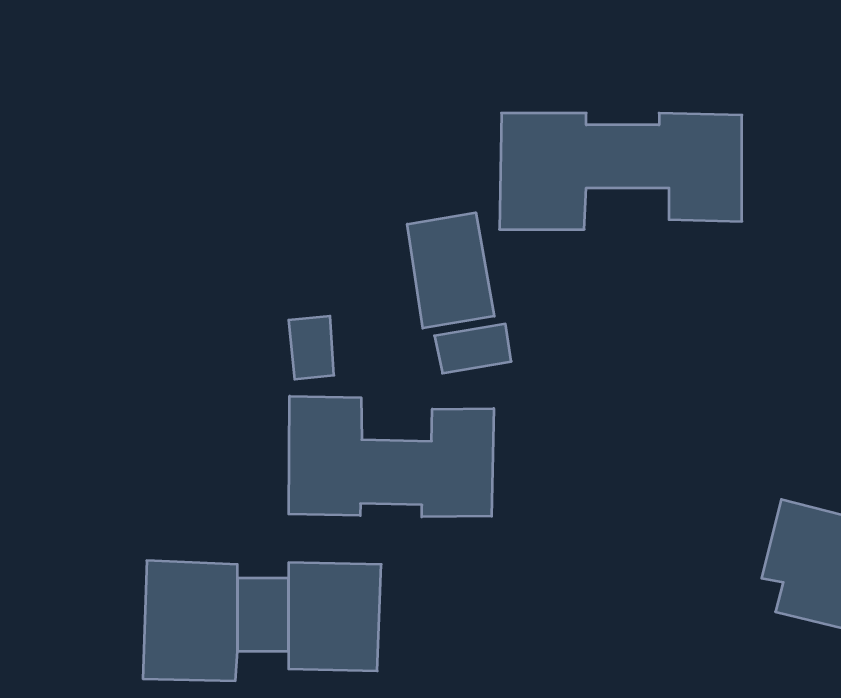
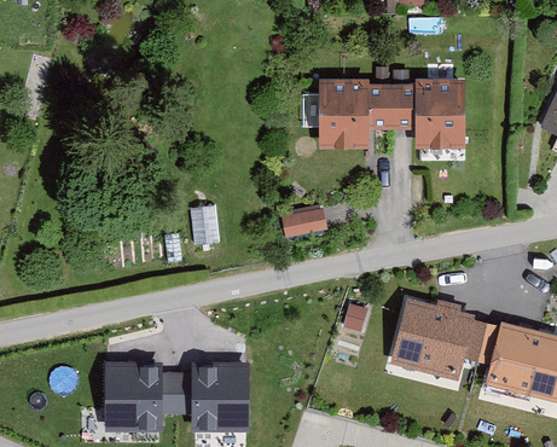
building: [407,213,494,328] -> none
building: [289,396,494,517] -> none
building: none -> [390,297,491,381]

